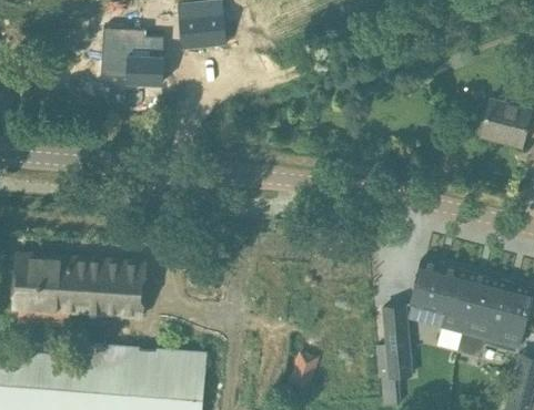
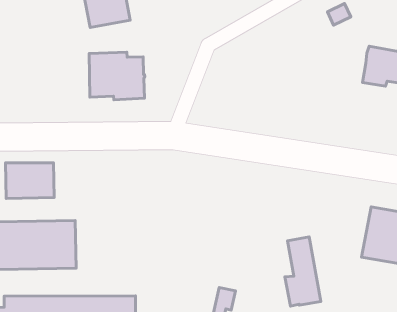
building: [100,30,163,85] -> [89,52,145,100]
building: none -> [5,163,54,199]
building: [410,263,477,353] -> none

